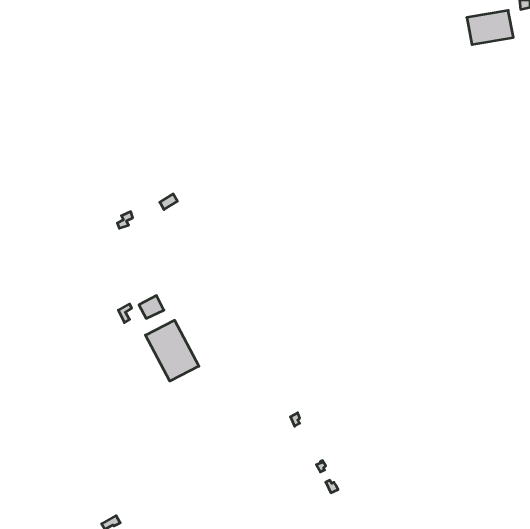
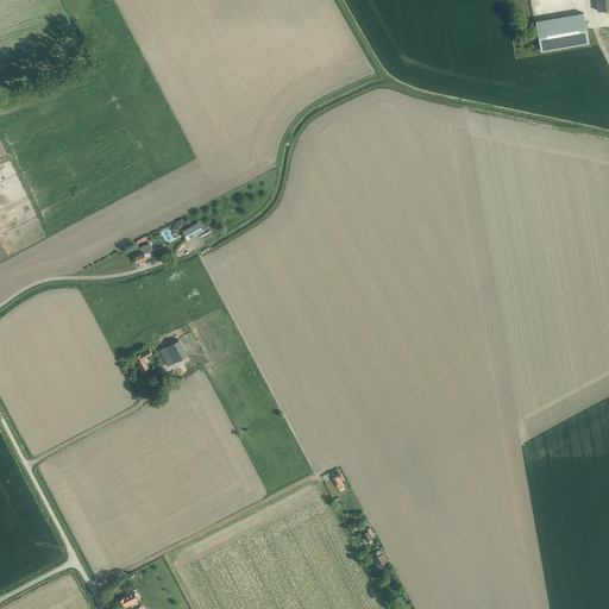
building: [145,320,199,381] -> none

